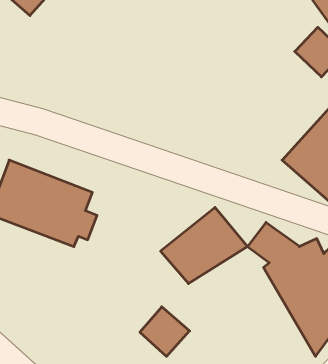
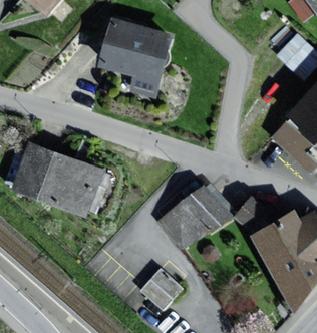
building: none -> [98,19,174,84]

